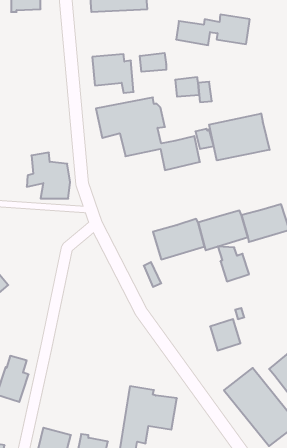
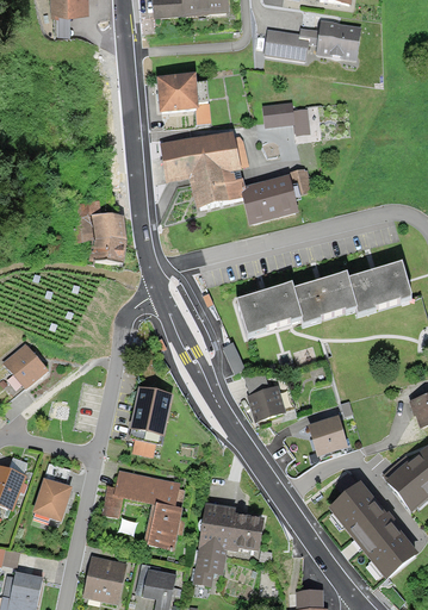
building: [140,53,166,72] -> none
building: [209,113,270,160] -> none
building: [218,246,249,281] -> [243,375,284,421]
building: none -> [126,385,174,456]
building: none -> [99,471,185,549]

